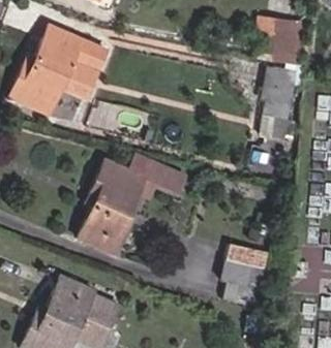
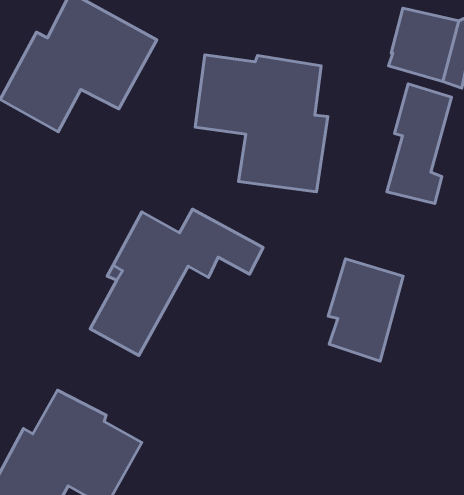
building: none -> [195,55,328,192]
building: [222,244,268,307] -> [328,259,403,361]

